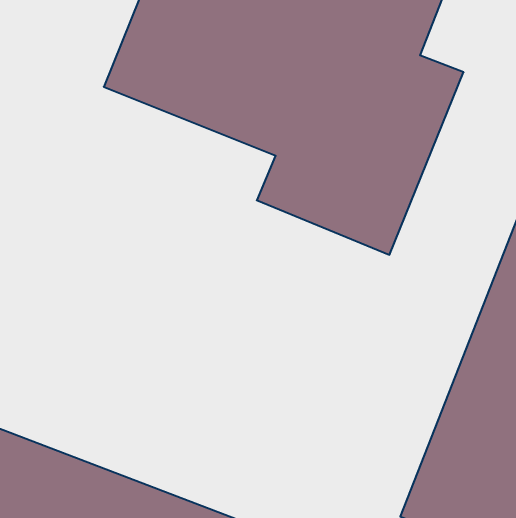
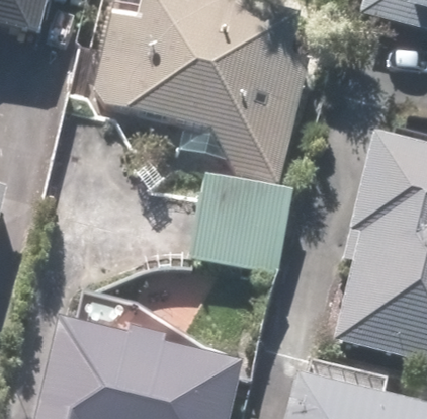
building: none -> [187,171,292,272]

